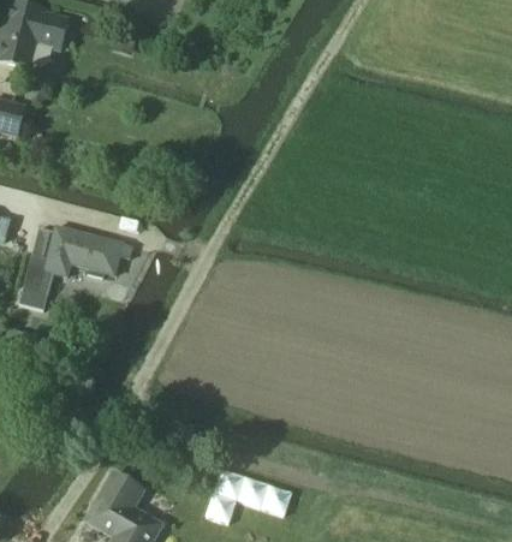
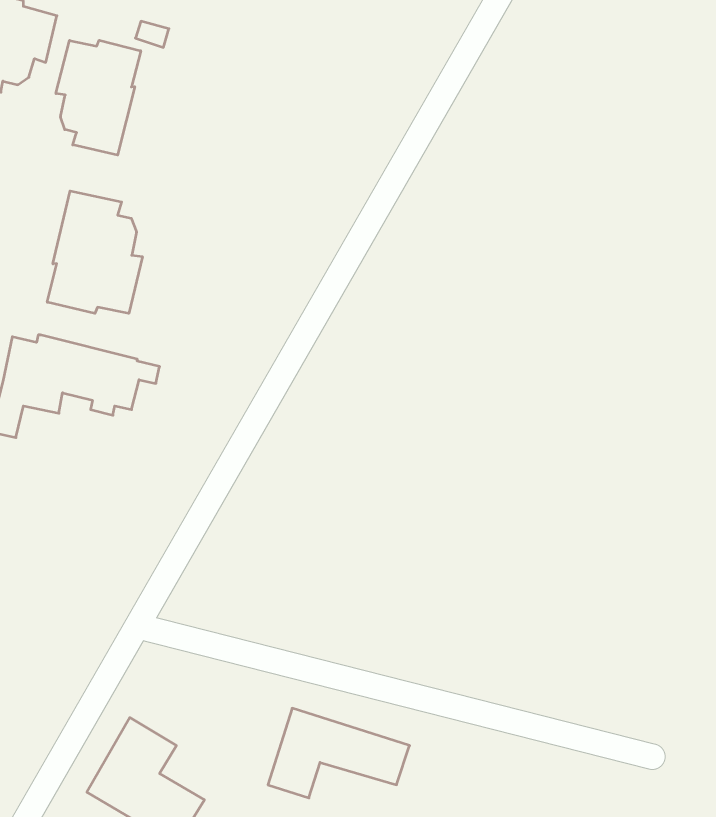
building: none -> [56,40,141,155]
building: none -> [47,191,142,313]

